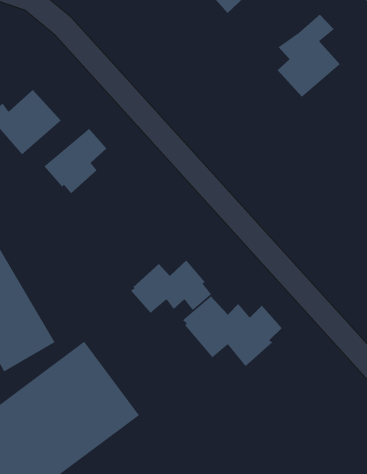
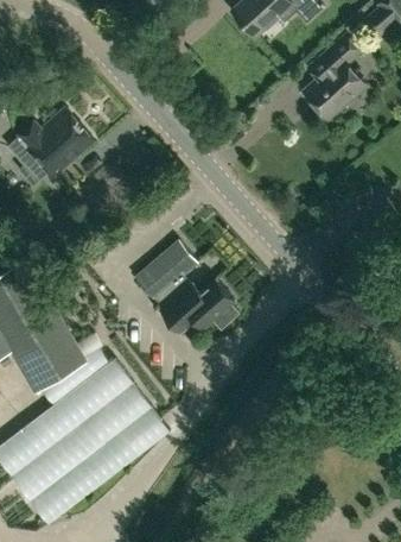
building: [43,128,107,194] -> [134,242,197,308]
building: [182,295,282,367] -> none

